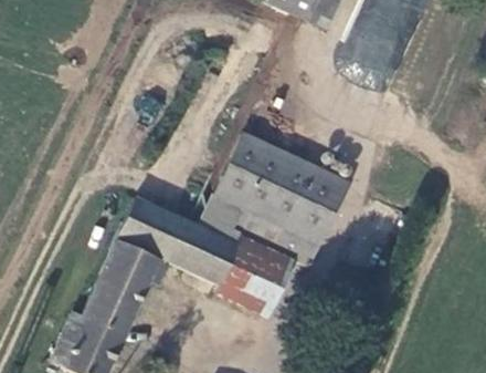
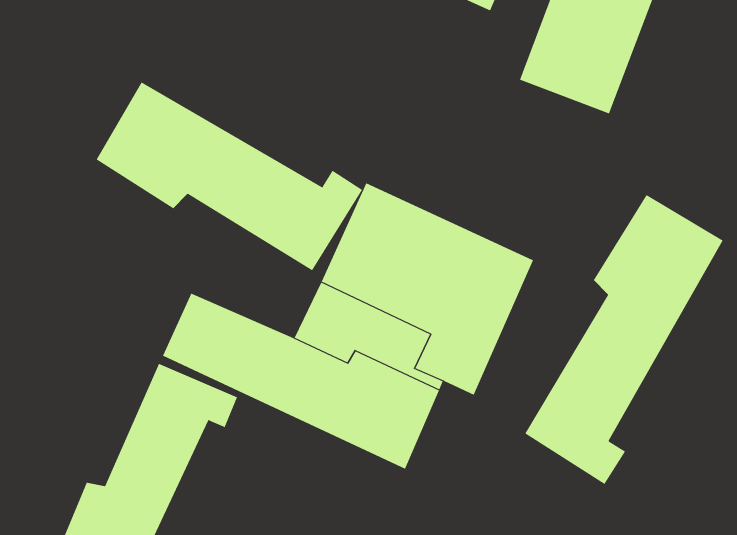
building: none -> [96,82,363,271]
building: none -> [524,194,723,485]

